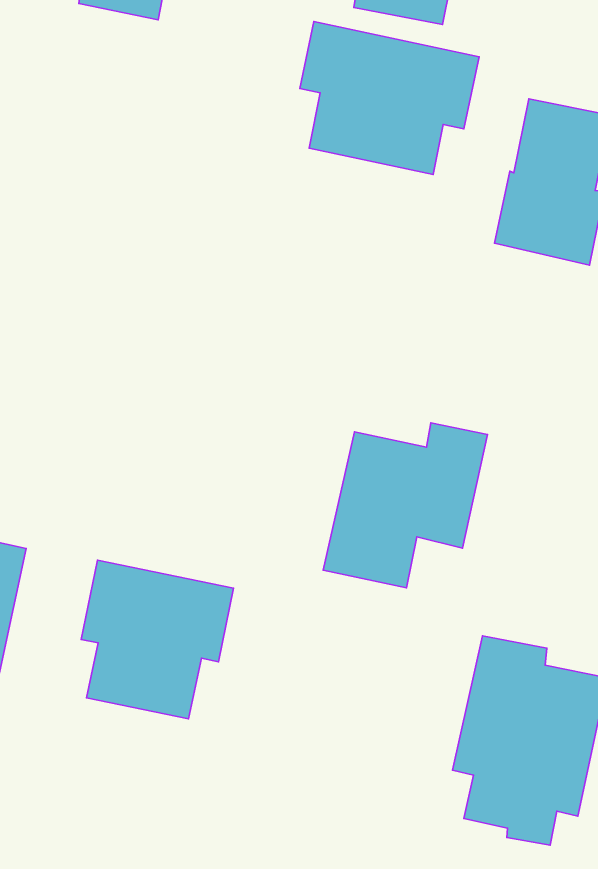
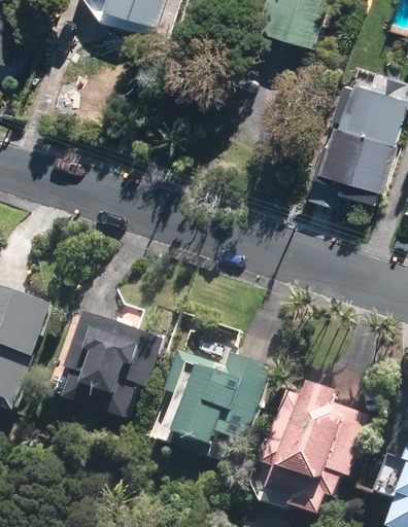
building: [300,22,479,175] -> none
building: [323,423,488,588] -> [161,362,262,453]

